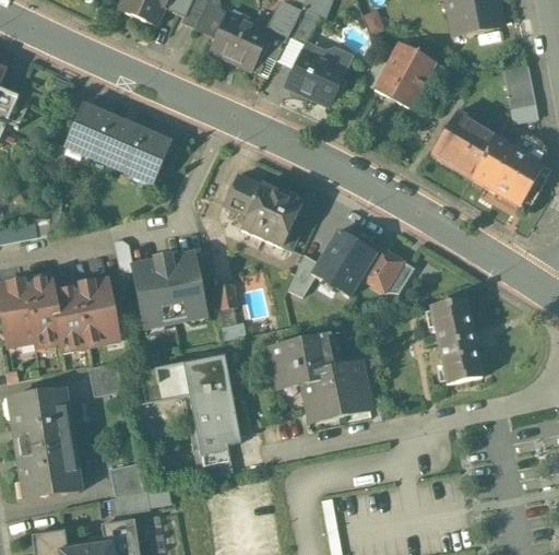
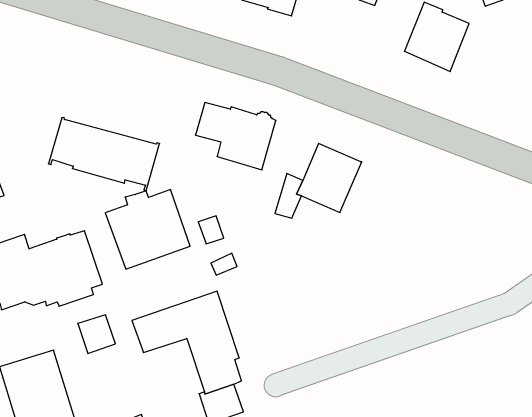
building: [63,103,170,182] -> [48,117,160,191]
building: [472,134,546,205] -> none
building: [361,245,415,292] -> none
building: [430,298,481,382] -> none
building: [270,331,370,422] -> none

